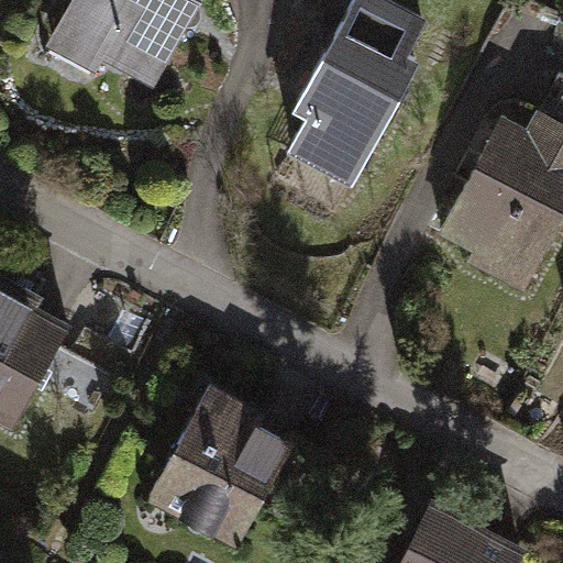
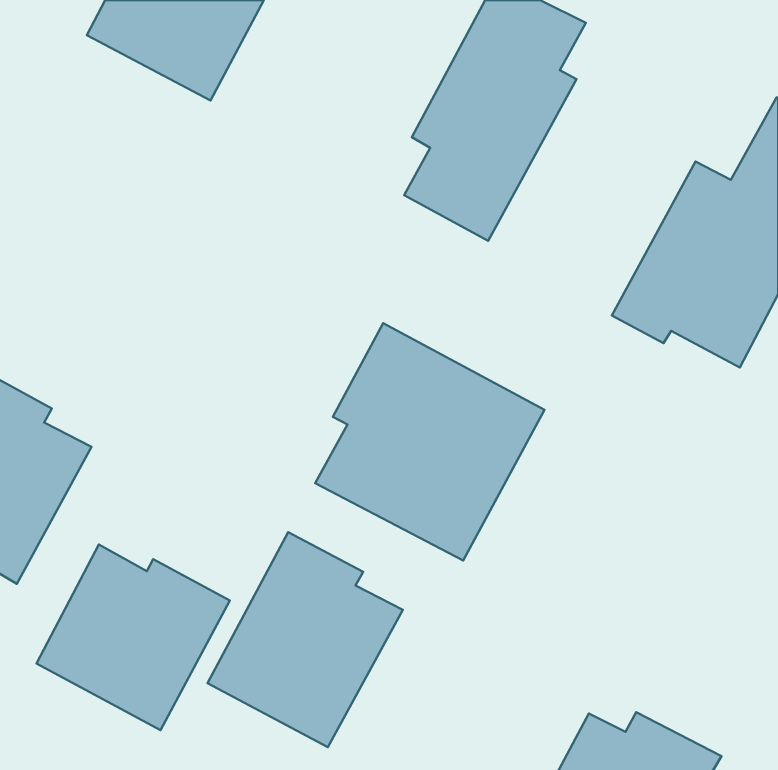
building: none -> [315,323,545,561]
building: none -> [36,545,230,730]

